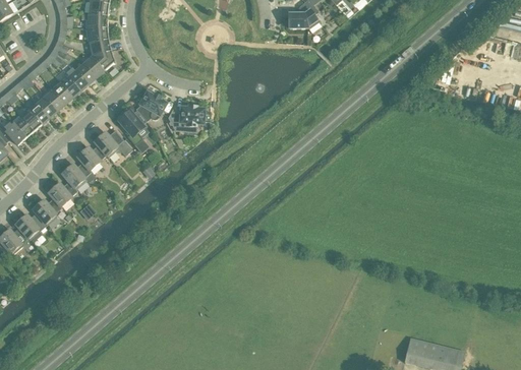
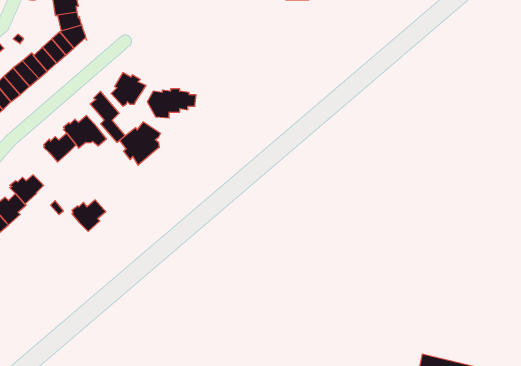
building: none -> [119,122,161,165]
building: [62,161,92,188] -> [72,200,106,231]

